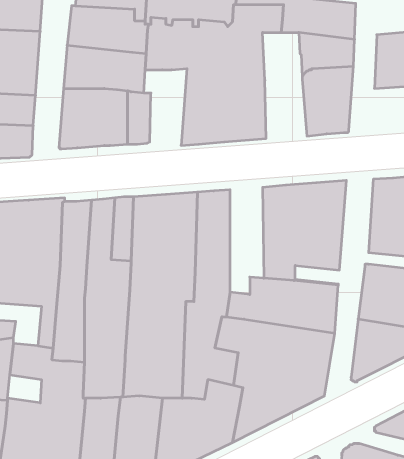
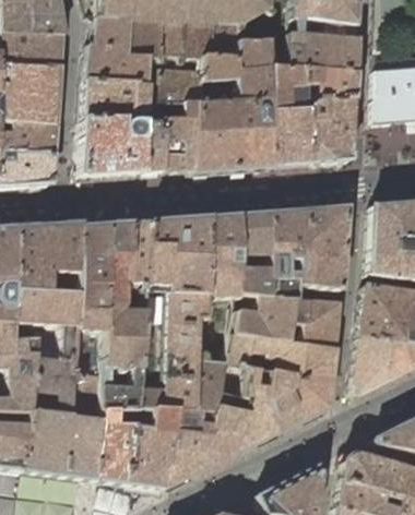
building: none -> [271,67,312,166]
building: none -> [159,100,200,175]
building: none -> [240,212,272,297]

